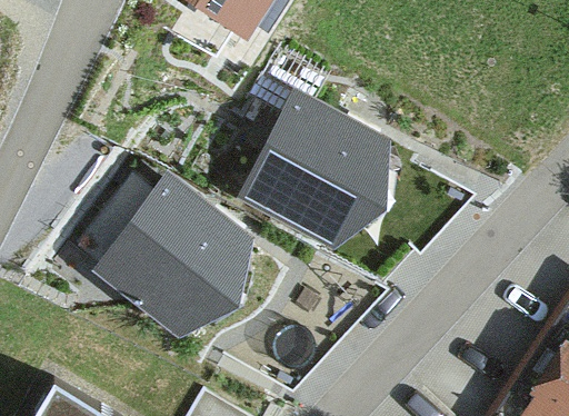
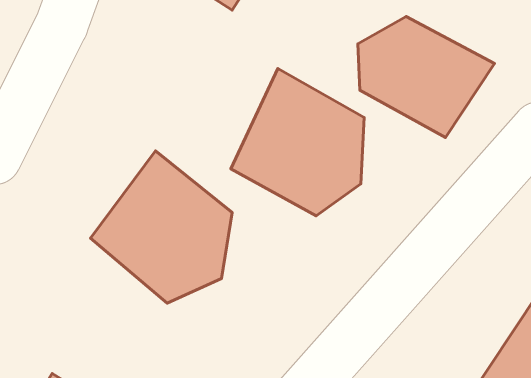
building: none -> [358,16,494,137]

